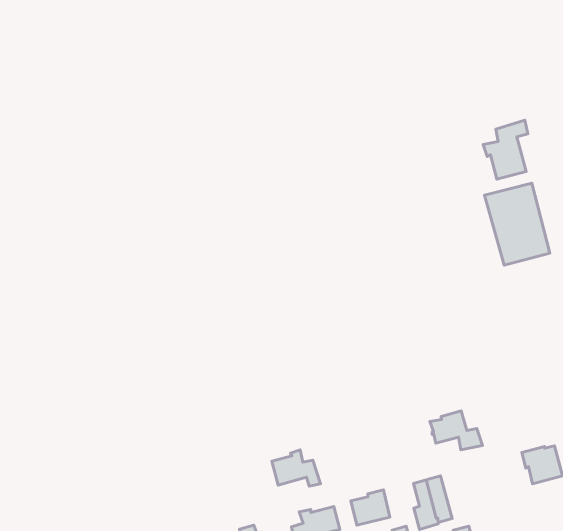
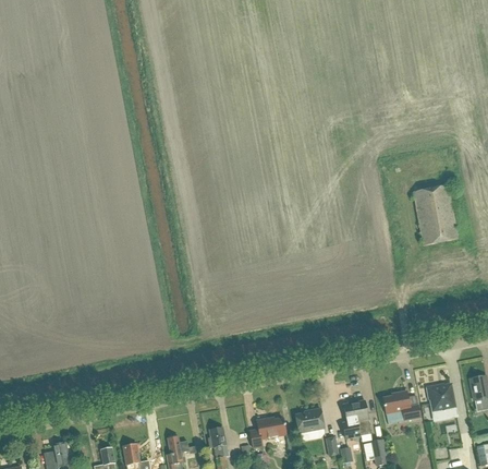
building: [483,120,528,179] -> none
building: [430,411,482,450] -> [382,389,420,419]
building: [272,450,320,486] -> none

